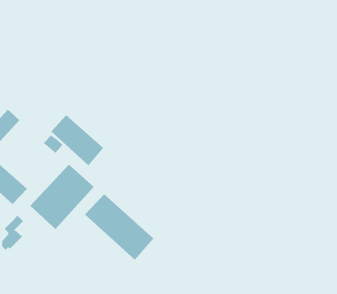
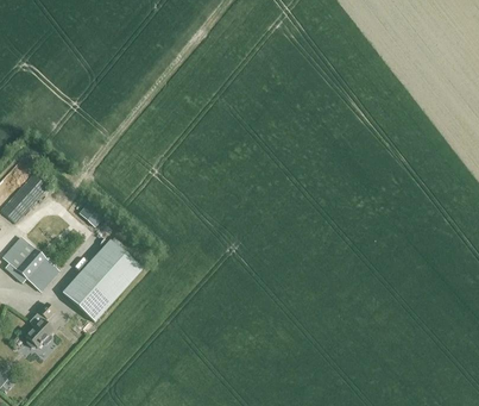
building: [50,114,104,166] -> none
building: [84,194,154,261] -> none

